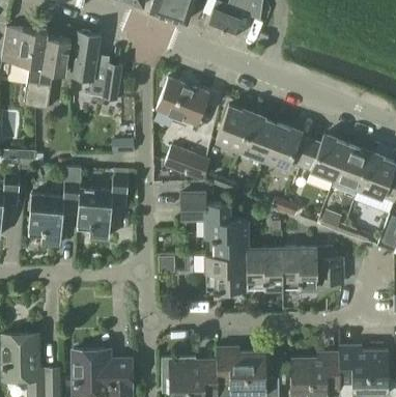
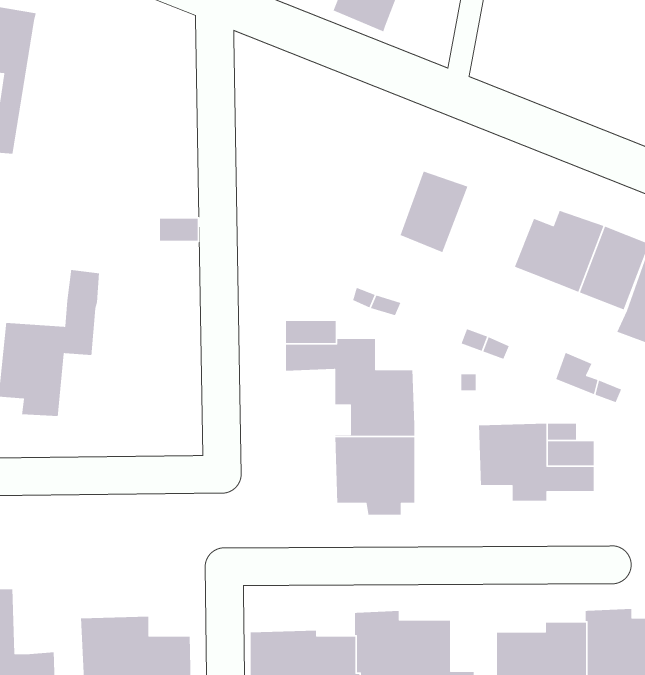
building: [72,32,122,98] -> none
building: [36,36,72,109] -> none
building: [155,78,209,125] -> none
building: [216,106,252,149] -> none
building: [262,123,310,168] -> none
building: [164,146,209,179] -> none
building: [76,169,129,237] -> none
building: [248,249,282,289] -> none

